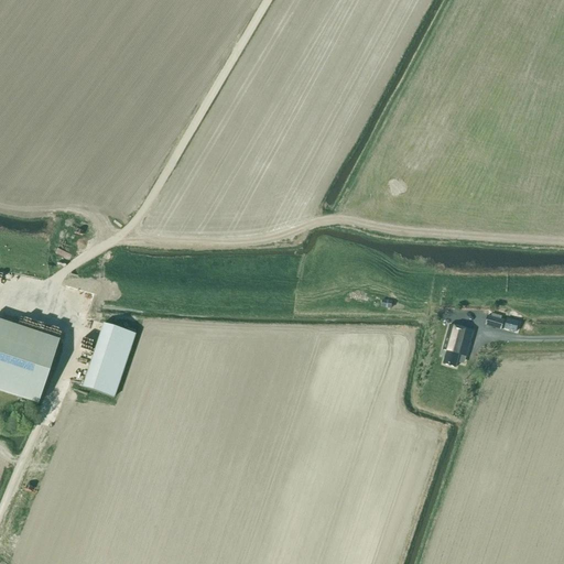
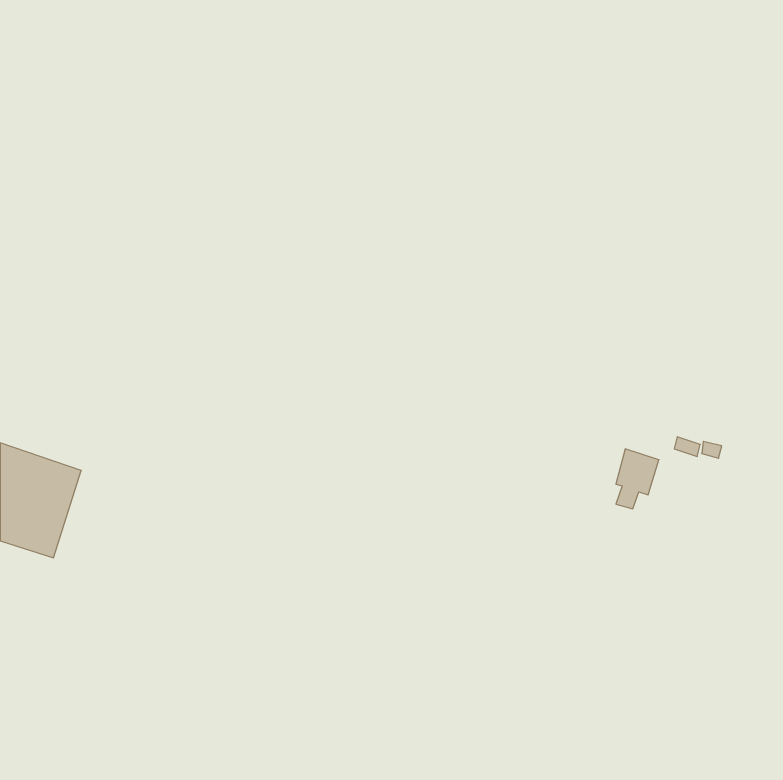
building: [82,323,134,395] -> none

